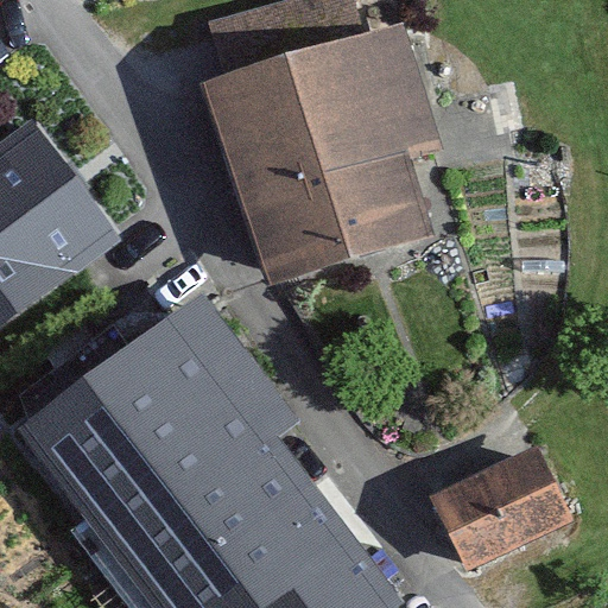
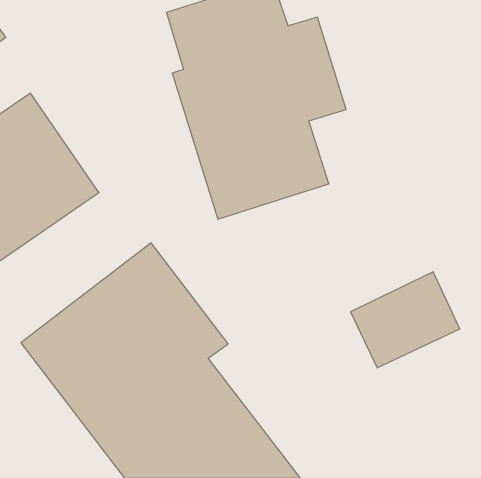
building: [436,451,572,571] -> [351,272,460,368]

